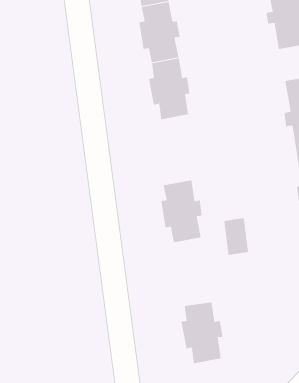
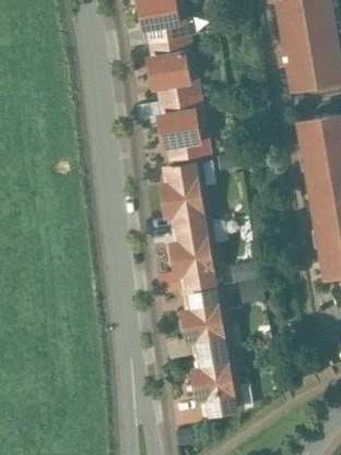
building: none -> [162,165,205,229]
building: none -> [183,290,226,355]

